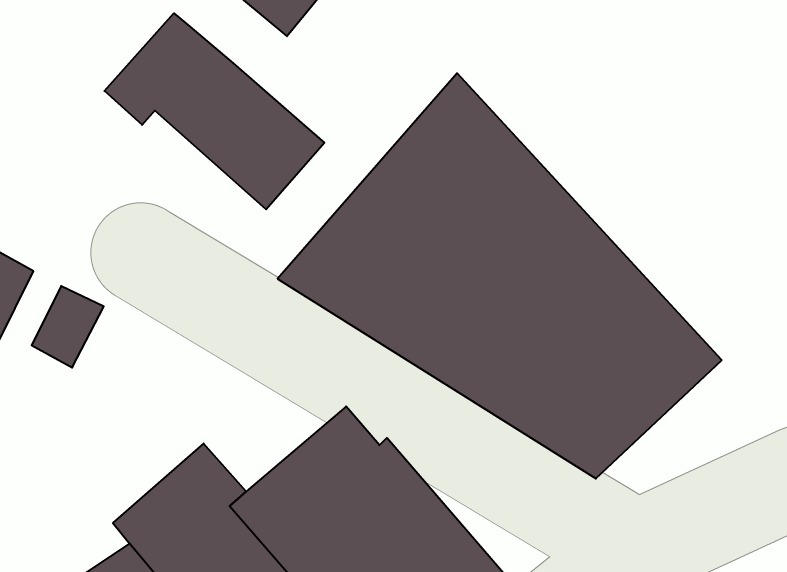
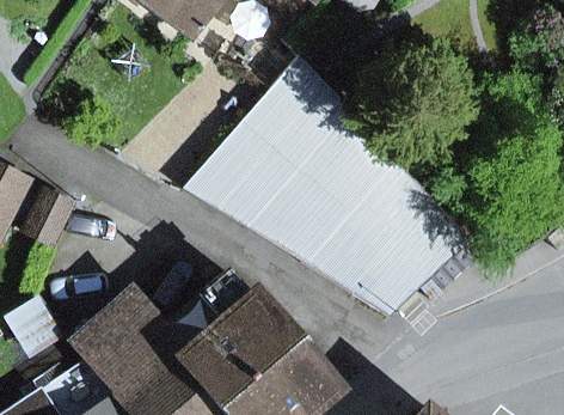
building: [104,13,324,209] -> none

